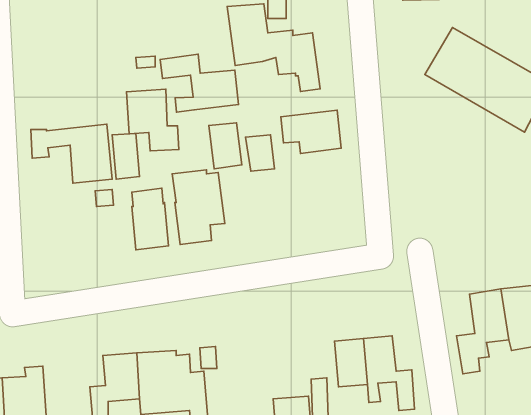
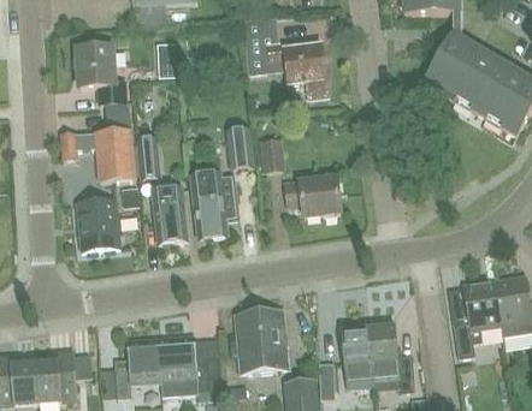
building: [160,54,239,112] -> none
building: [127,89,179,151] -> [77,46,125,102]
building: [281,110,341,153] -> [285,175,341,215]
building: none -> [77,198,122,250]
building: none -> [238,310,285,371]

